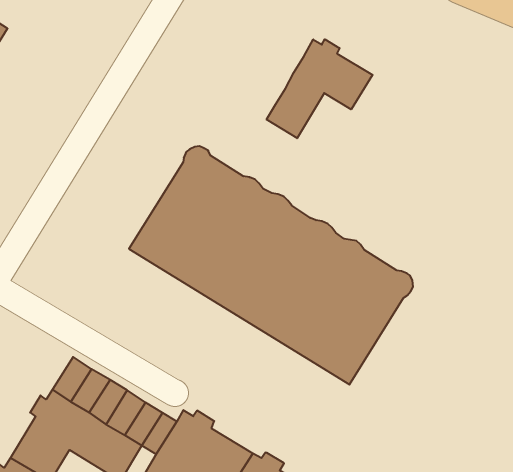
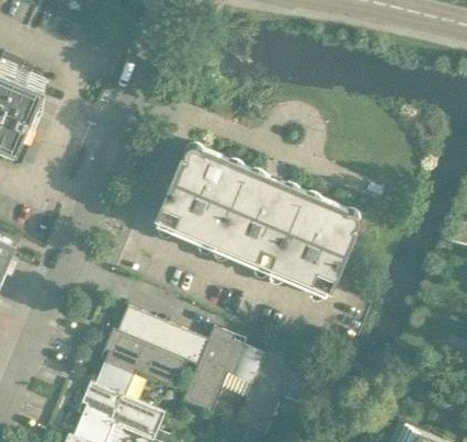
building: [267,39,373,138] -> none

